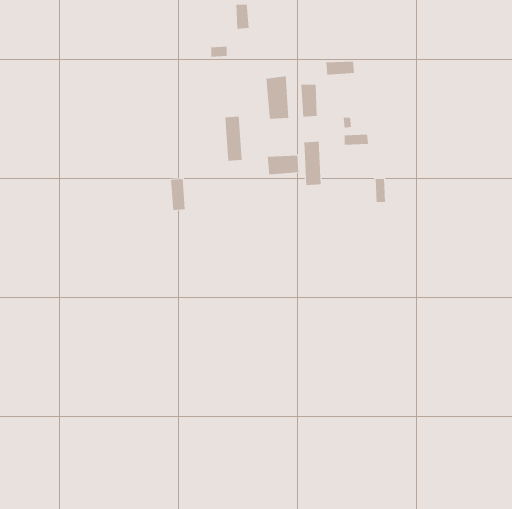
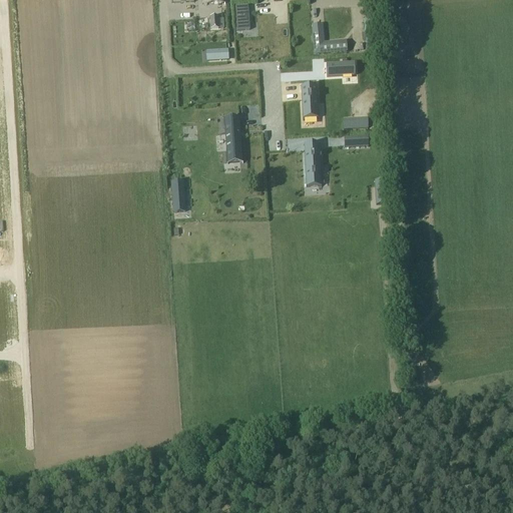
building: [266,76,289,120] -> none
building: [267,155,299,175] -> none

